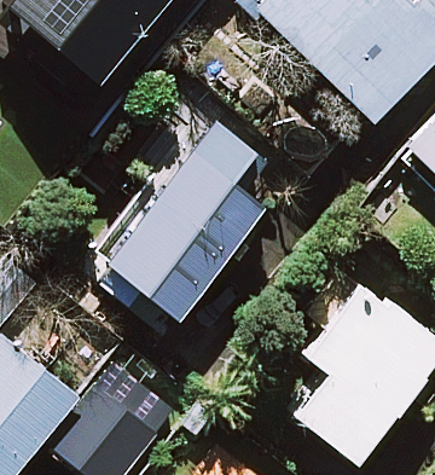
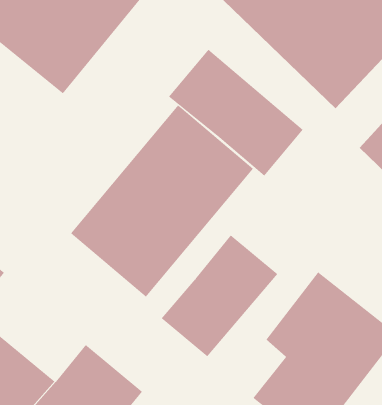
building: none -> [168,49,304,177]
building: none -> [161,234,278,357]

